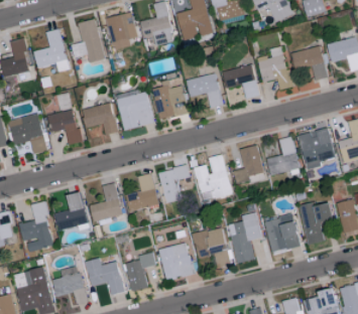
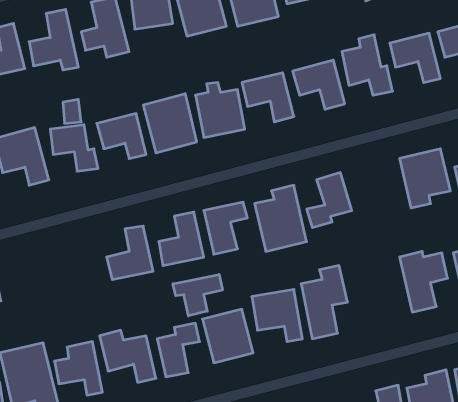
building: [266,136,300,175] -> none
building: [53,192,89,230] -> none
building: [18,201,53,252] -> none
building: [264,214,300,253] -> none
building: none -> [173,274,222,316]

